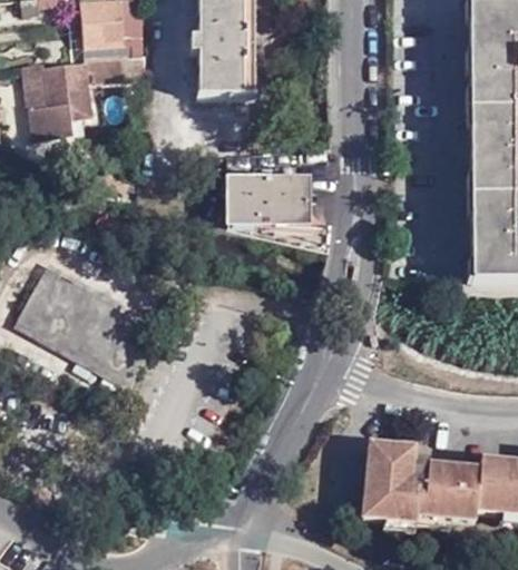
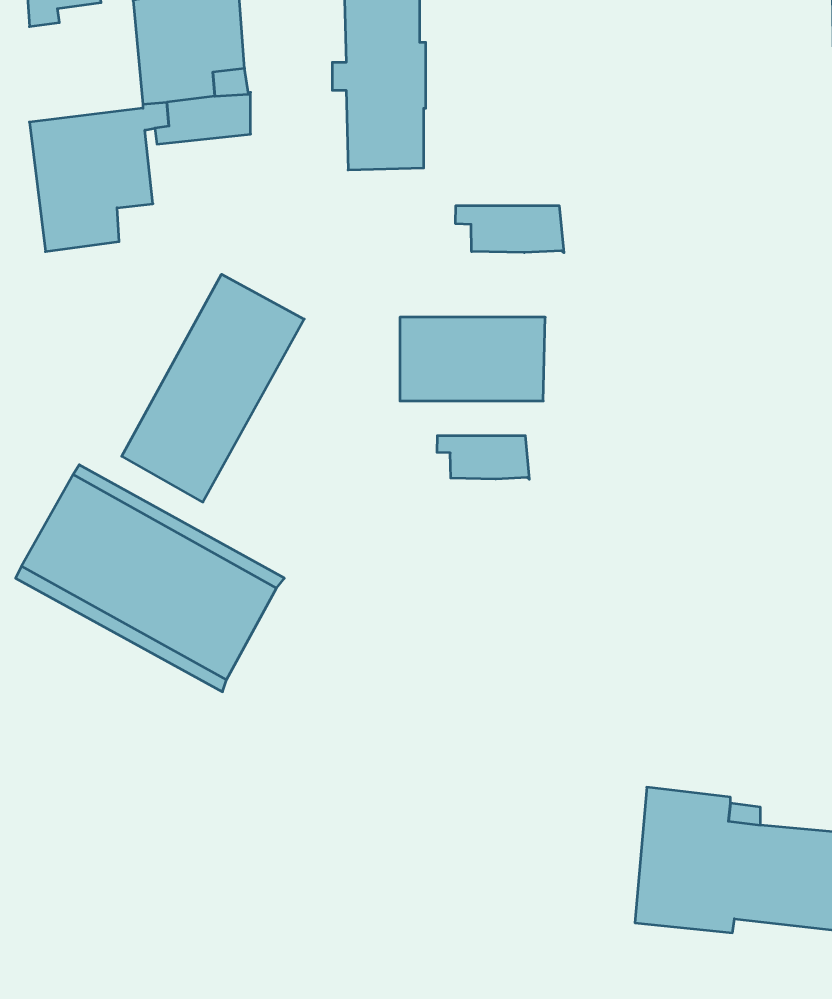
building: none -> [456,206,564,253]
building: none -> [122,274,304,502]
building: none -> [437,436,529,479]

